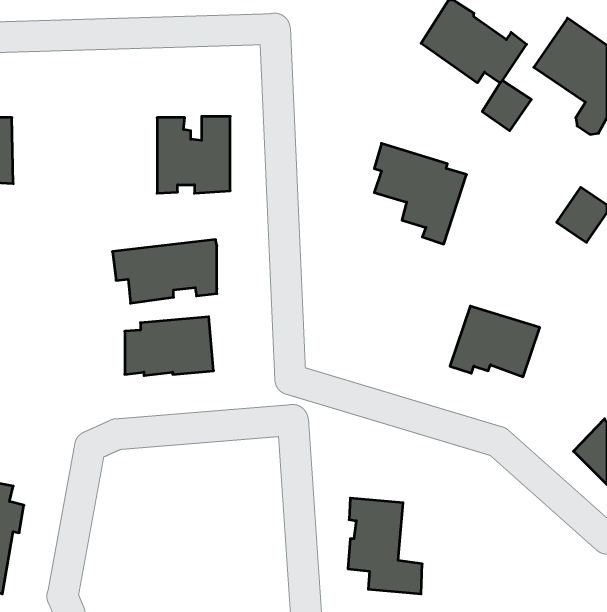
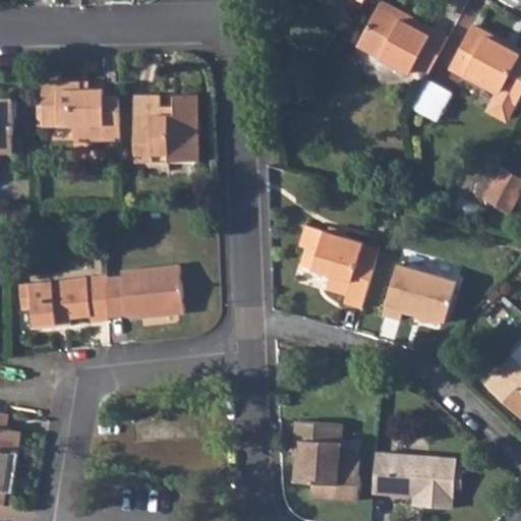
building: none -> [40,84,118,144]
building: [374,143,467,244] -> [301,221,380,306]
building: [112,240,217,303] -> [17,277,106,331]
building: none -> [372,453,454,509]

